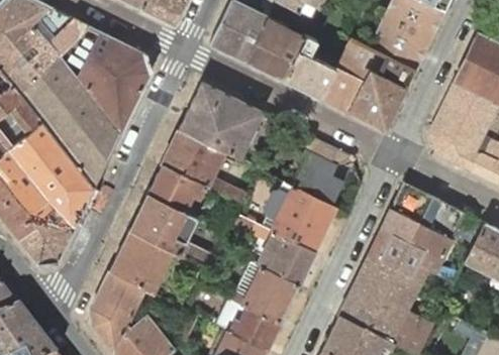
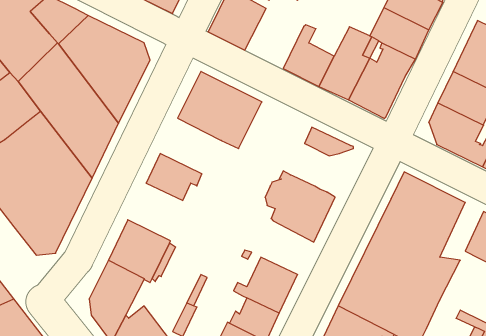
building: [245,20,304,80] -> none
building: [162,129,246,203] -> none
building: [294,155,338,203] -> none
building: [129,194,215,264] -> none
building: [231,214,314,284] -> none

